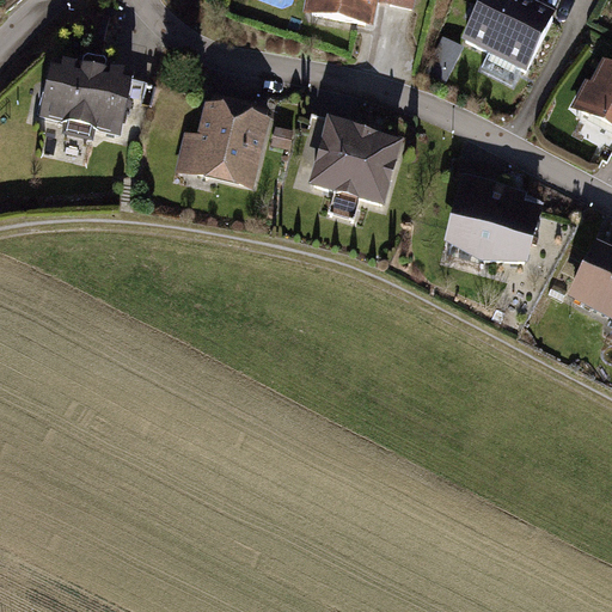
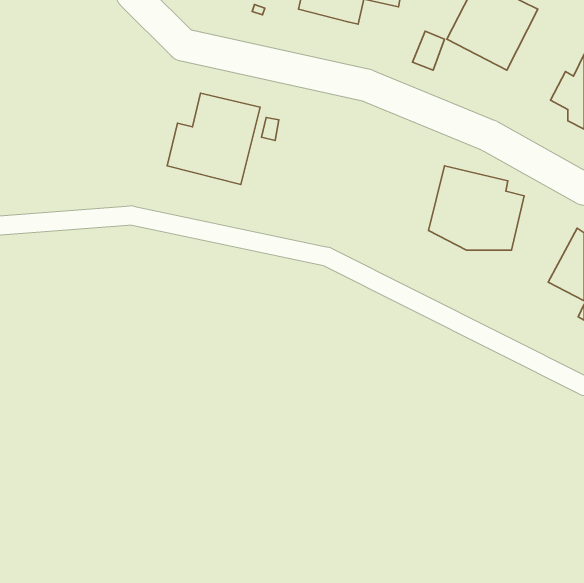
building: [39,48,136,140] -> none
building: [293,111,408,224] -> none

